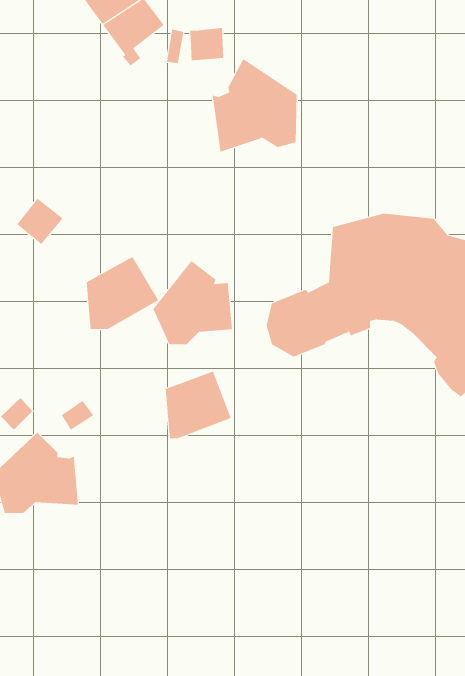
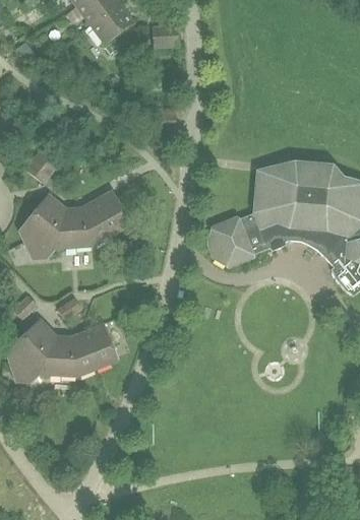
building: [212,58,297,153] -> none
building: [152,260,233,345] -> [19,194,78,256]
building: [165,371,231,439] -> [67,324,116,374]

